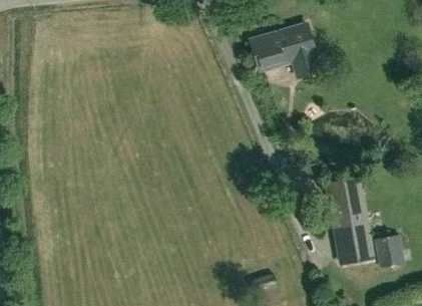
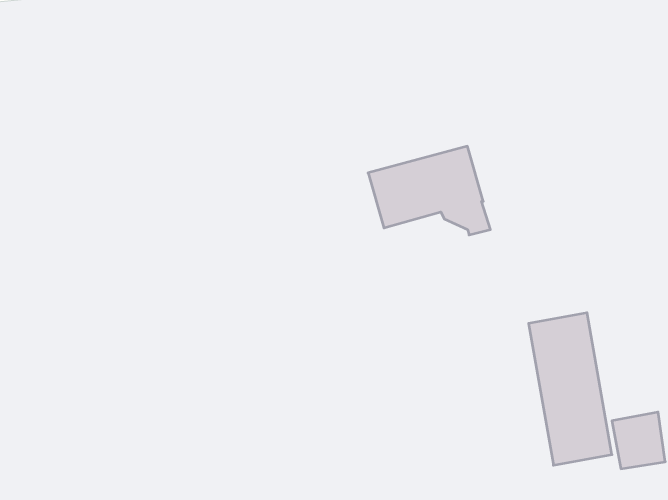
building: [251,22,320,72] -> [368,146,490,235]

